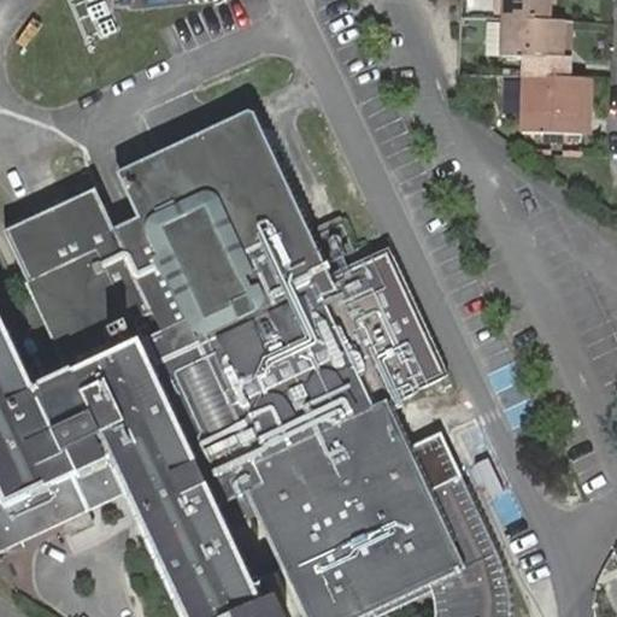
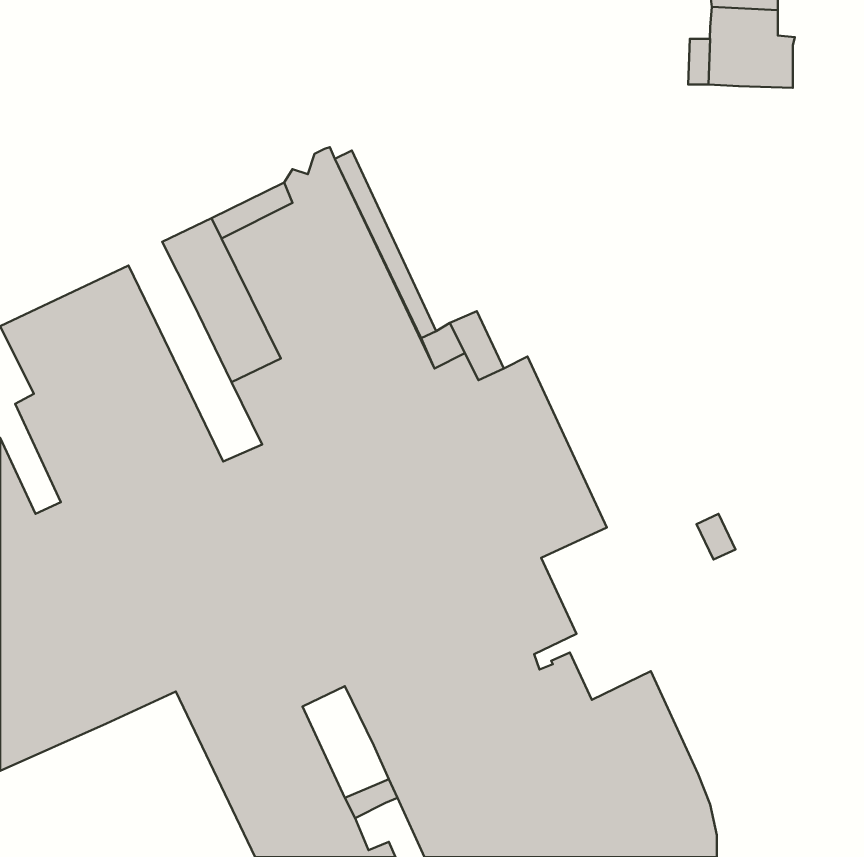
building: [525,61,593,139] -> none
building: [111,216,187,329] -> none
building: [381,452,464,499] -> none

